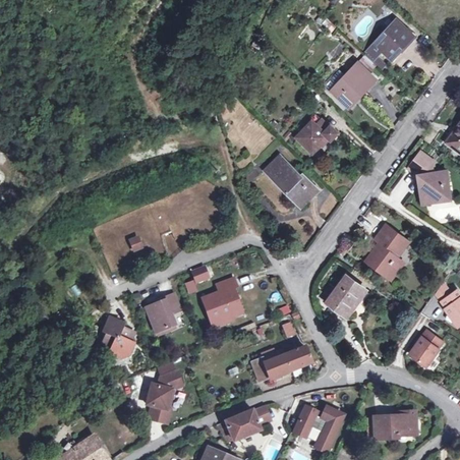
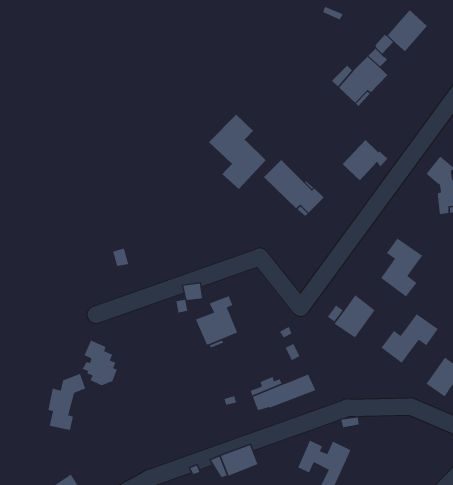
building: none -> [208,114,267,190]
building: [296,115,338,153] -> [342,139,388,181]
building: none -> [381,313,439,364]
building: [146,294,179,332] -> none
building: [147,370,181,422] -> [48,373,86,431]
building: [375,412,414,439] -> none

